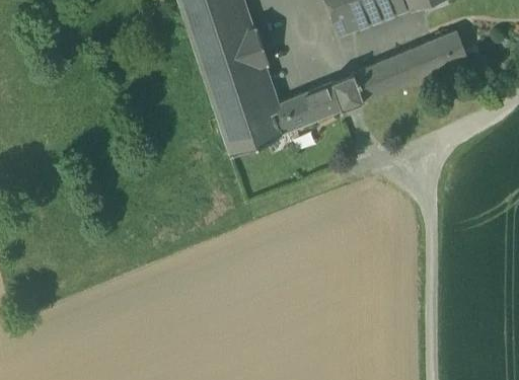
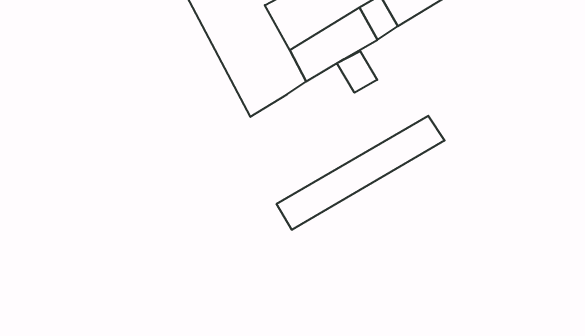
building: none -> [337,51,377,93]
building: none -> [277,116,445,230]

